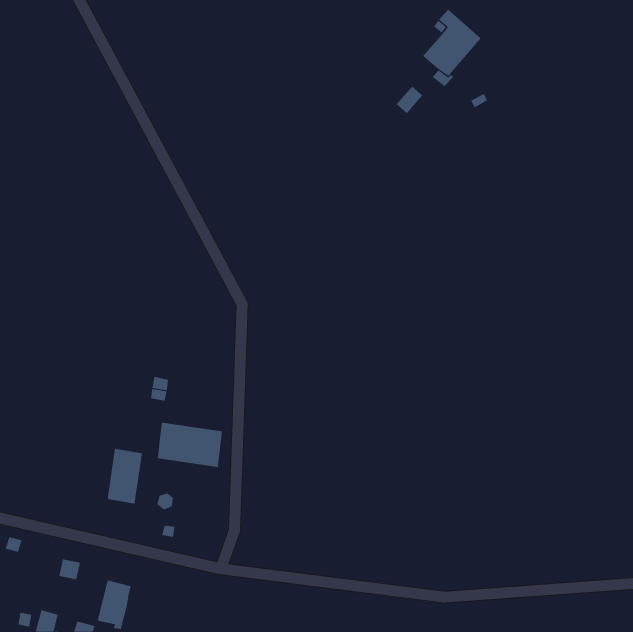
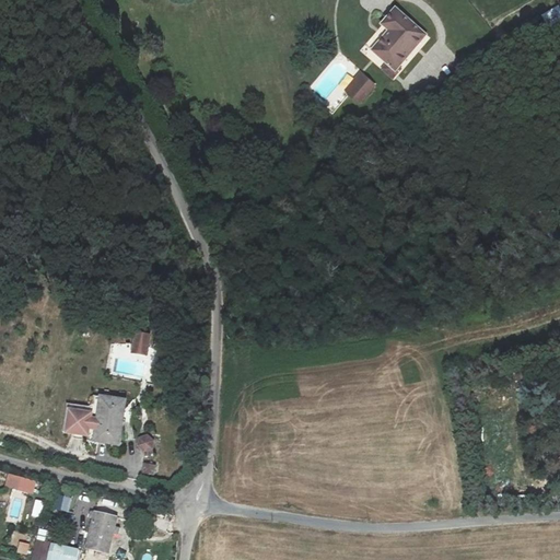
building: [157,422,222,468] -> none
building: none -> [69,409,94,434]

